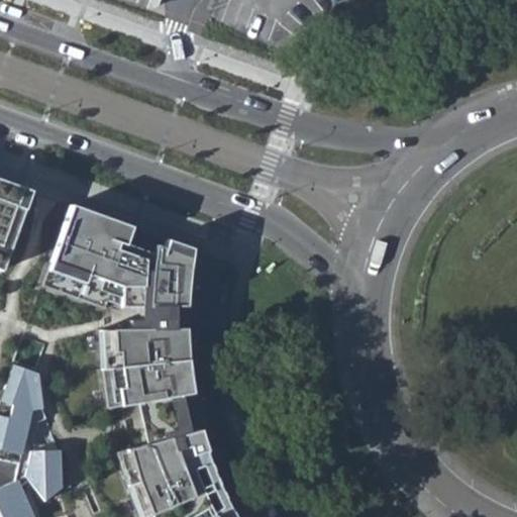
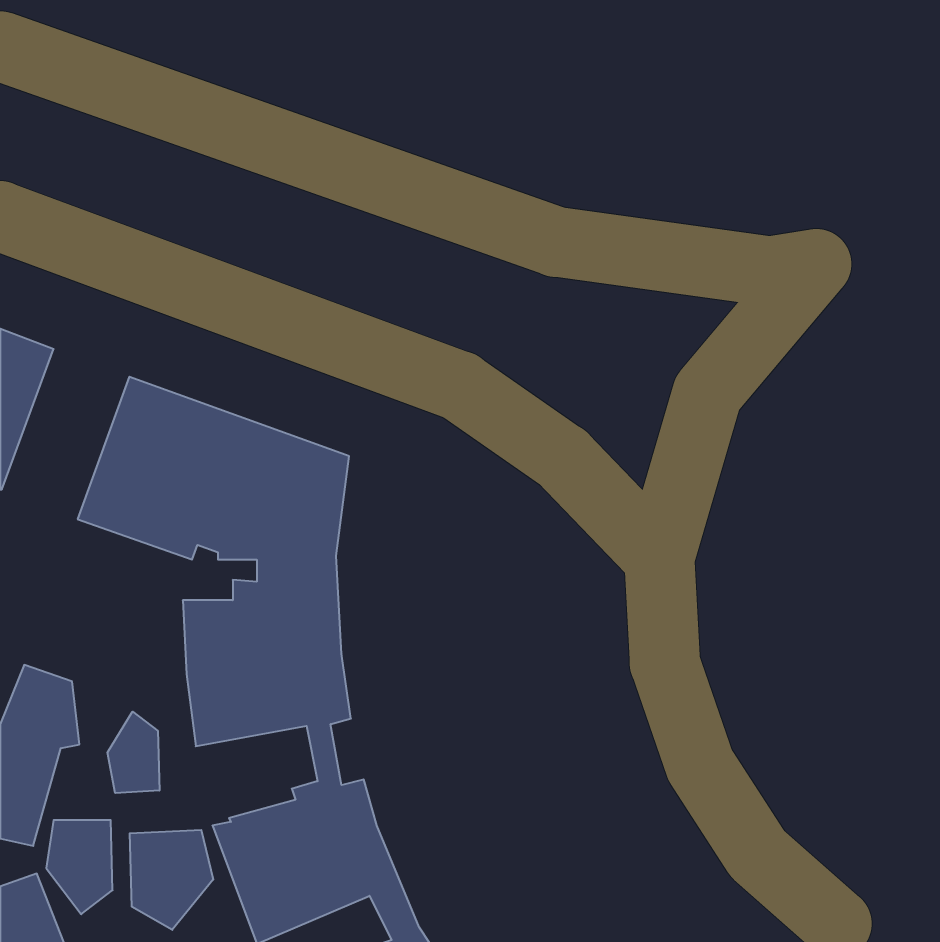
building: none -> [107,712,159,793]
building: none -> [130,830,213,930]

